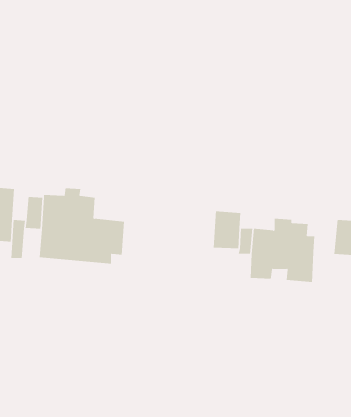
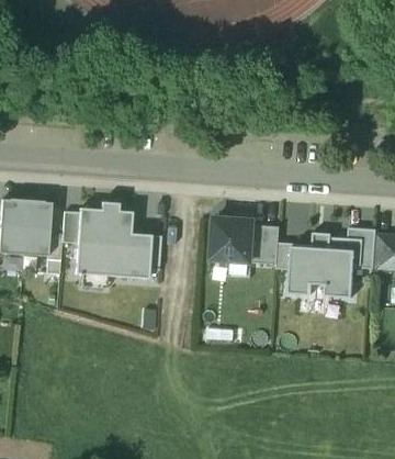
building: none -> [212,216,255,261]
building: none -> [347,226,376,268]

